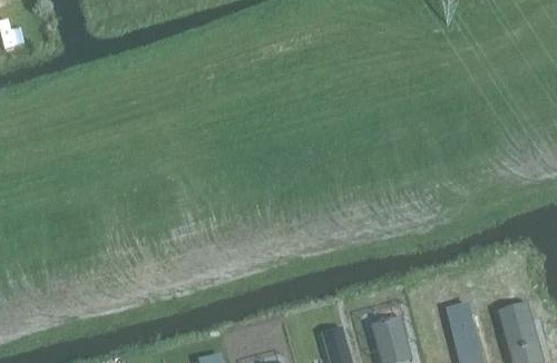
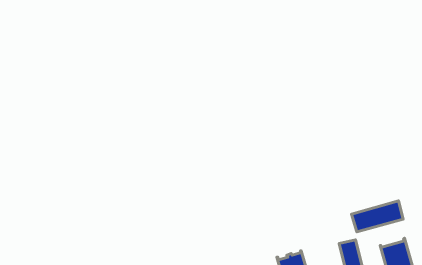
building: none -> [351,201,403,232]

